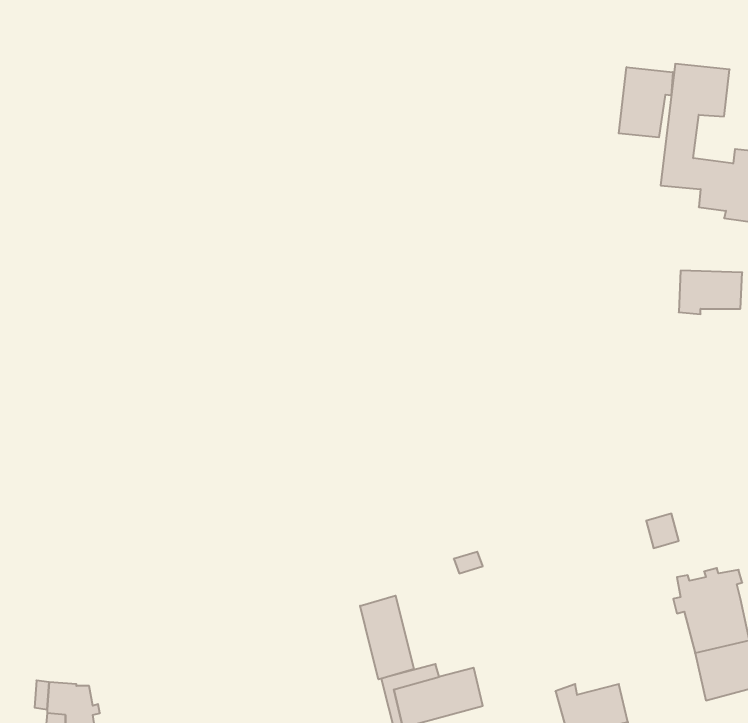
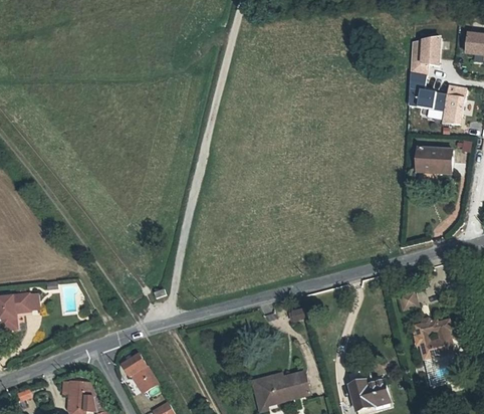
building: [619,67,673,137] -> none
building: [360,596,414,679] -> none
building: none -> [122,353,156,393]

